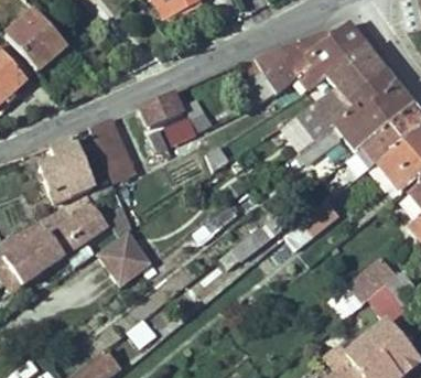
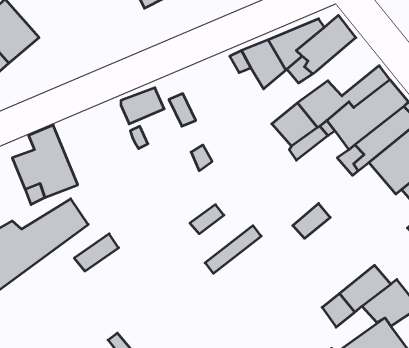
building: [327,45,386,100] -> none
building: [91,118,139,179] -> none
building: [108,244,153,287] -> none

